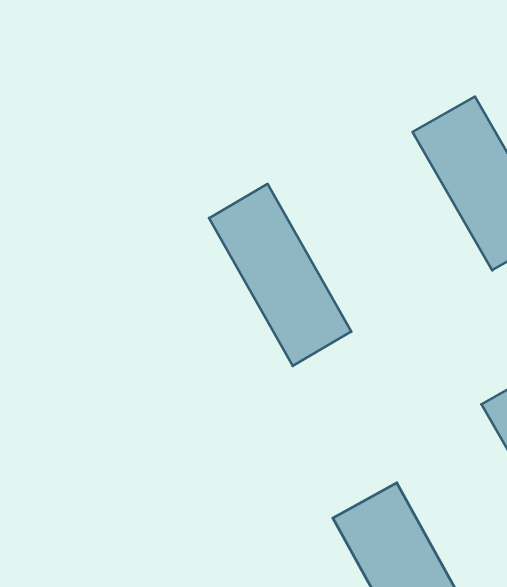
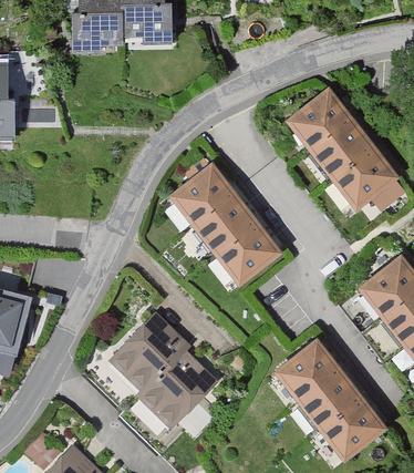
building: none -> [115,322,211,421]

